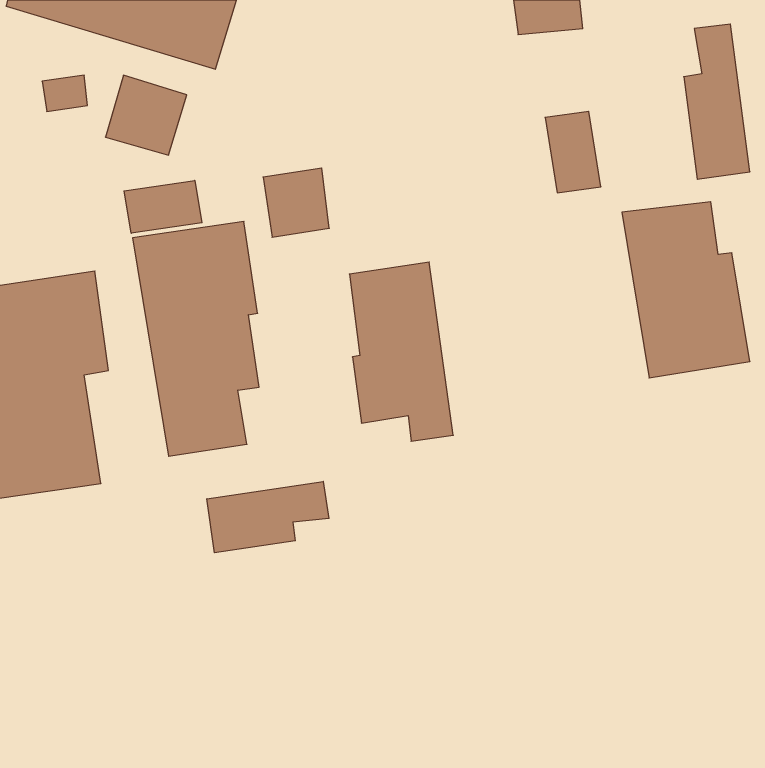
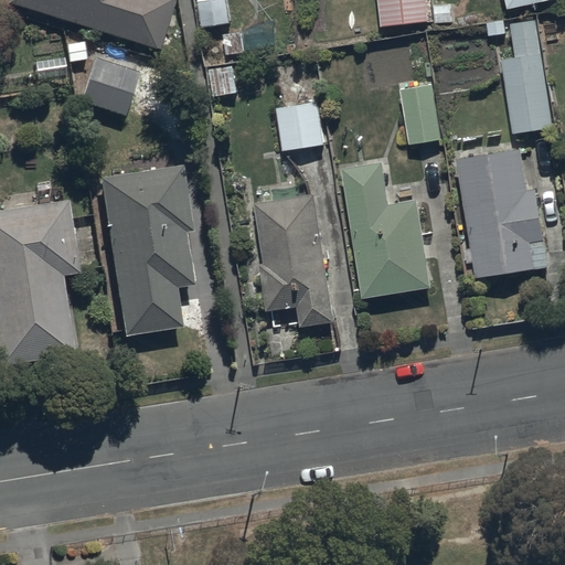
building: [263,168,329,237] -> [275,100,323,151]
building: [124,180,202,233] -> none
building: none -> [343,160,429,296]
building: [207,481,329,553] -> none

